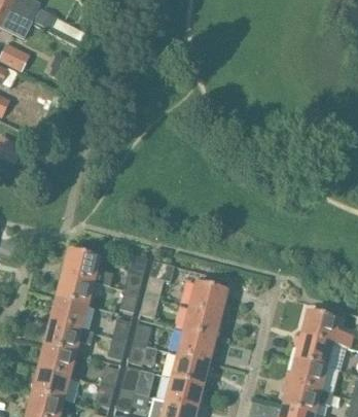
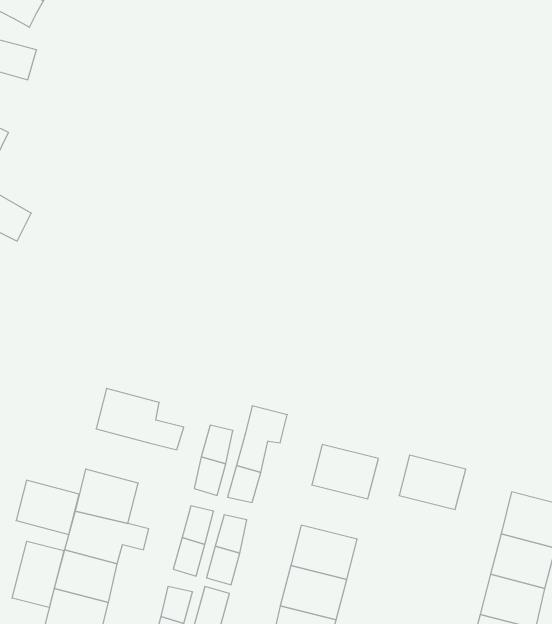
building: [57,273,94,305] -> [16,480,79,535]
building: [183,306,222,338] -> [399,455,466,509]
building: none -> [12,541,64,607]

